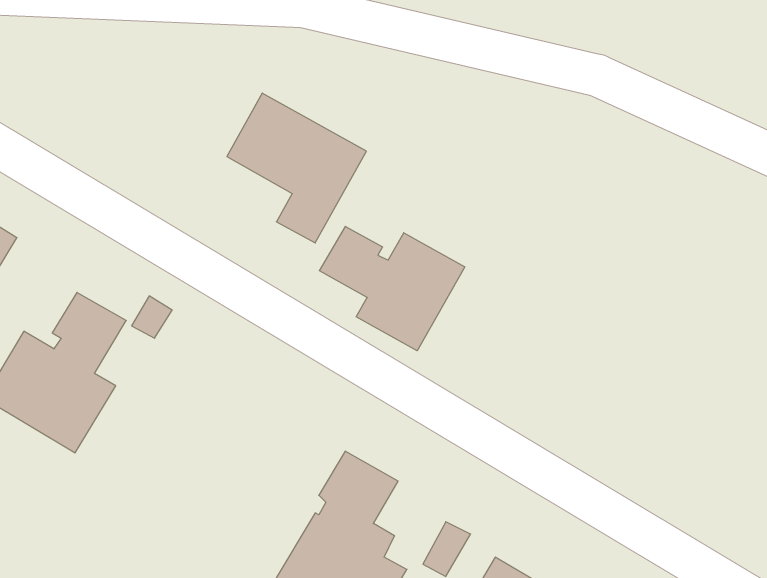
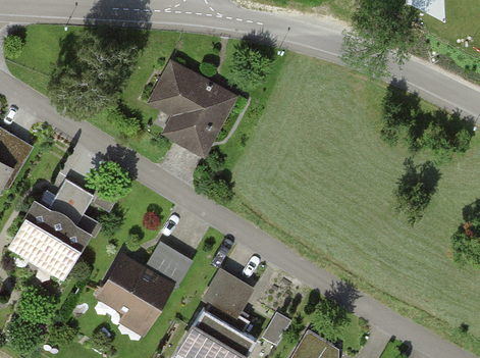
building: [319,226,465,351] -> none
building: none -> [100,246,190,324]

